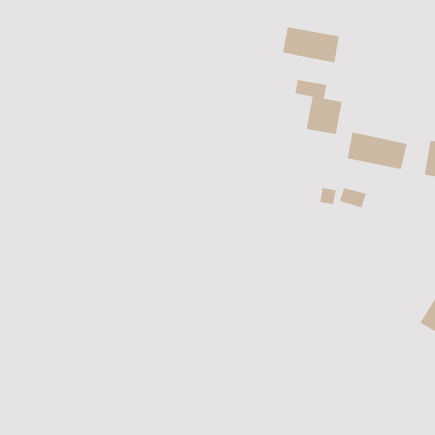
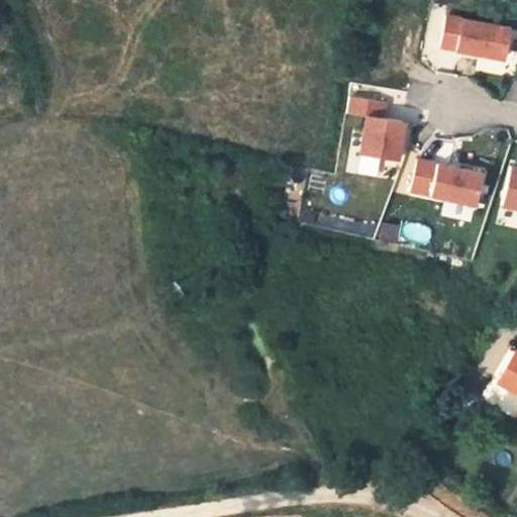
building: [282,27,339,63] -> [441,20,509,63]

